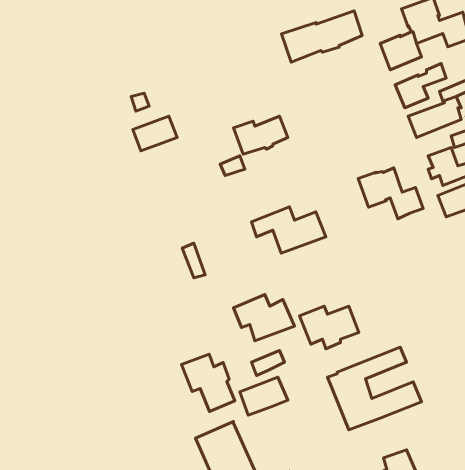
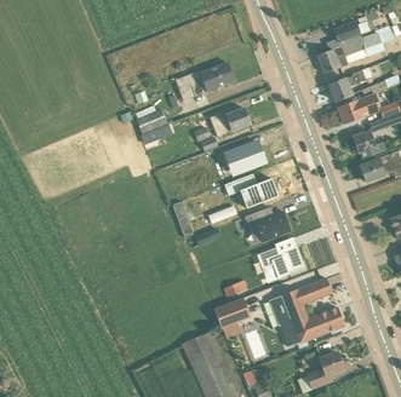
building: [281,11,362,62] -> [174,62,234,99]
building: none -> [224,142,263,173]
building: [358,168,423,219] -> none
building: [233,295,294,341] -> [246,207,291,241]
building: [182,354,235,412] -> none

